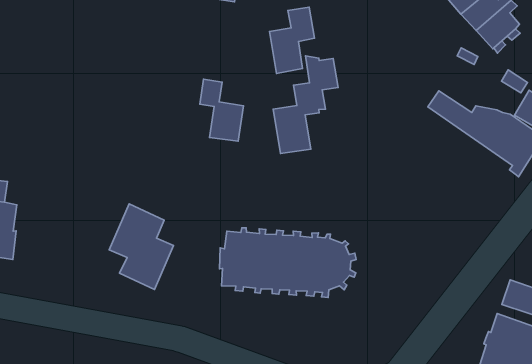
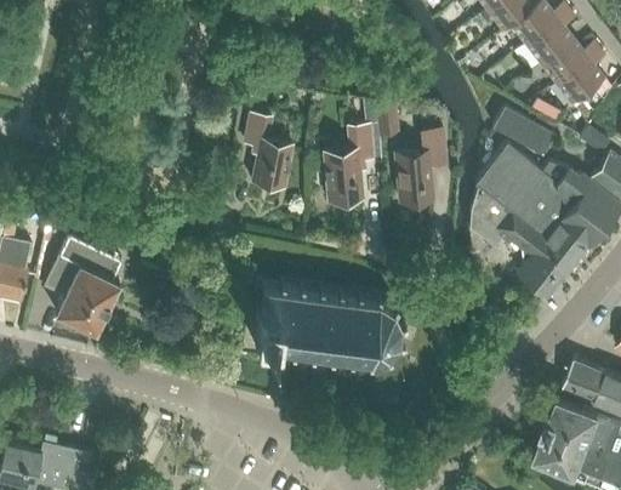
building: [269,7,315,73] -> [397,131,446,203]
building: none -> [494,107,557,158]
building: none -> [471,163,589,297]
building: [109,204,173,289] -> [47,235,119,332]

